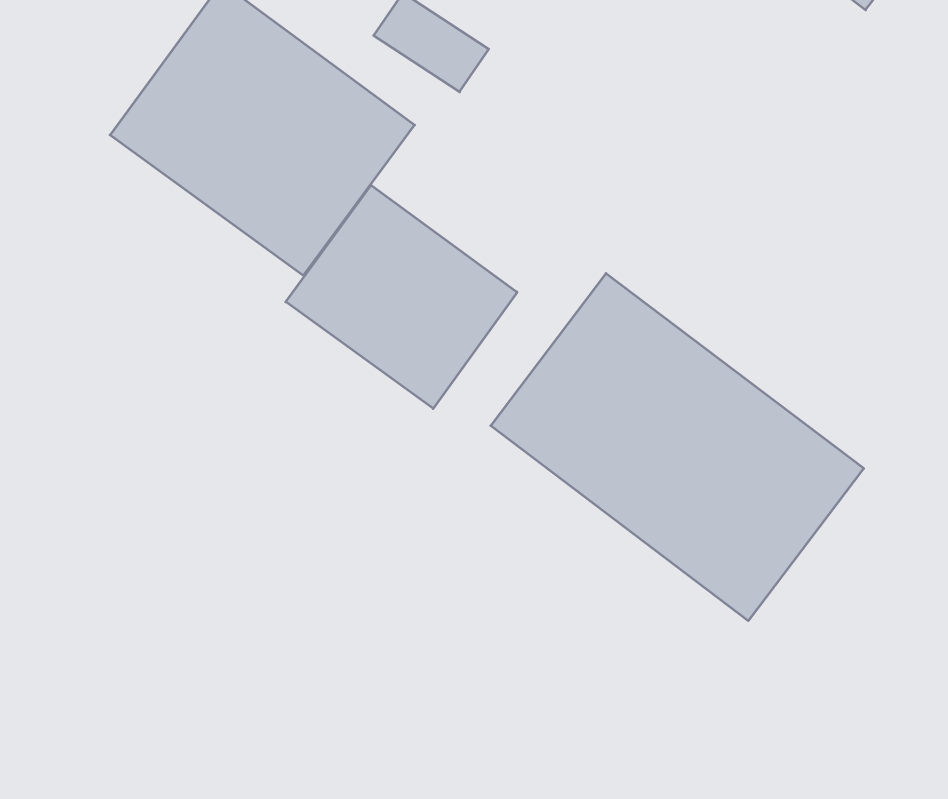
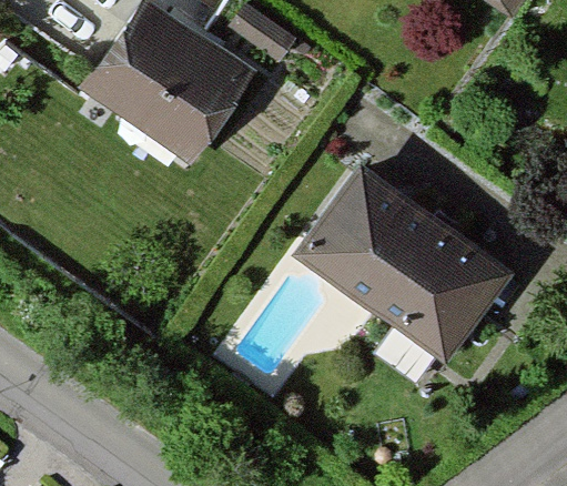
building: [286,185,517,409] -> none

